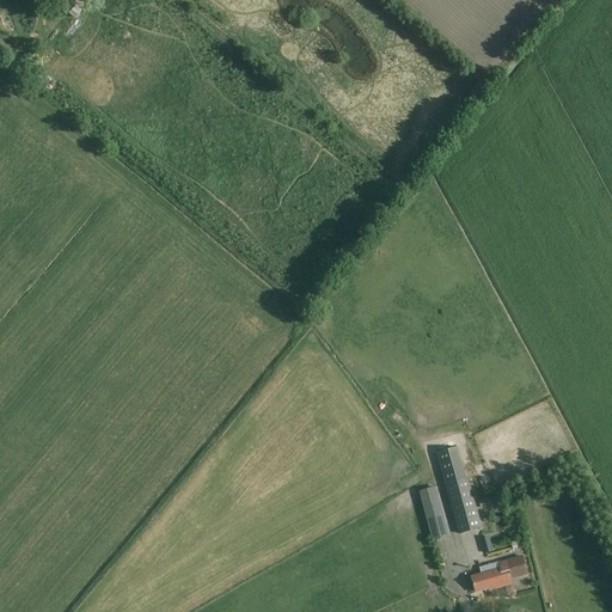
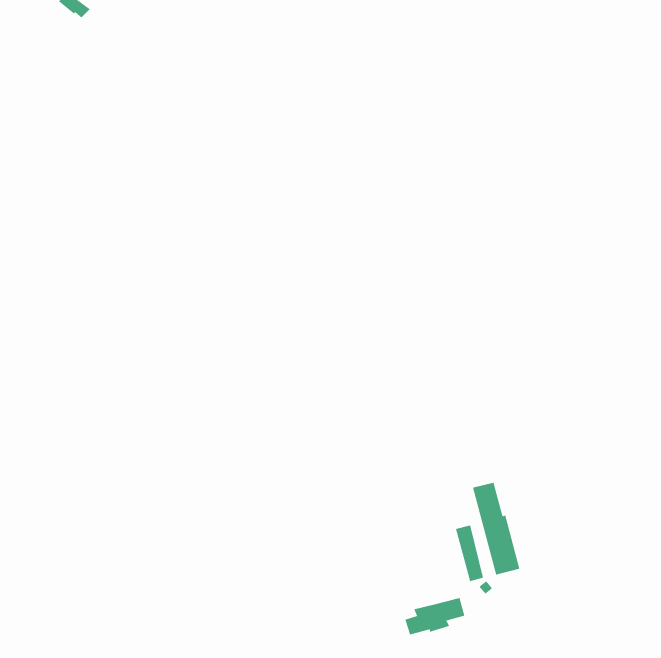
building: [471,555,527,589] -> [404,598,465,635]

